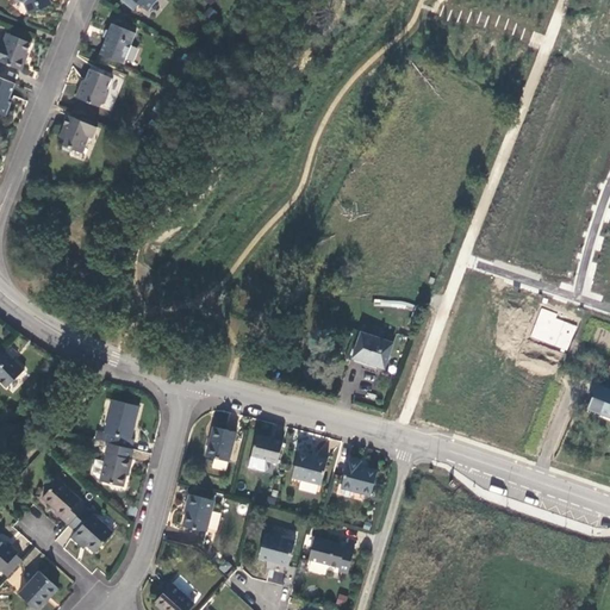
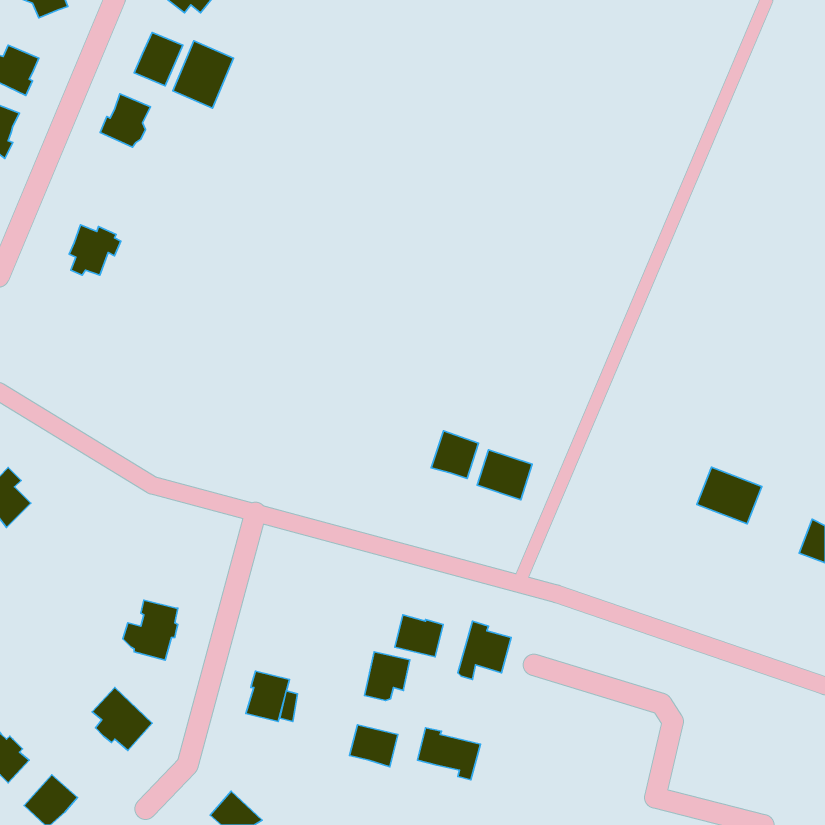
building: none -> [173,41,234,108]
building: [58,114,97,151] -> [69,225,121,275]
building: [529,309,577,350] -> [697,467,762,524]
building: none -> [431,431,479,478]
building: [104,399,138,448] -> none
building: [205,425,235,460] -> none
building: [248,435,281,471] -> [365,652,410,700]
building: [42,480,86,524] -> none

